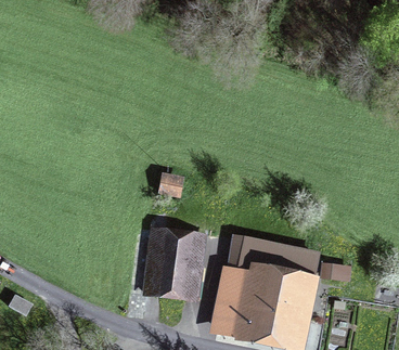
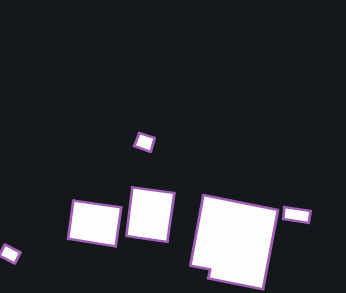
building: none -> [68,200,121,247]

